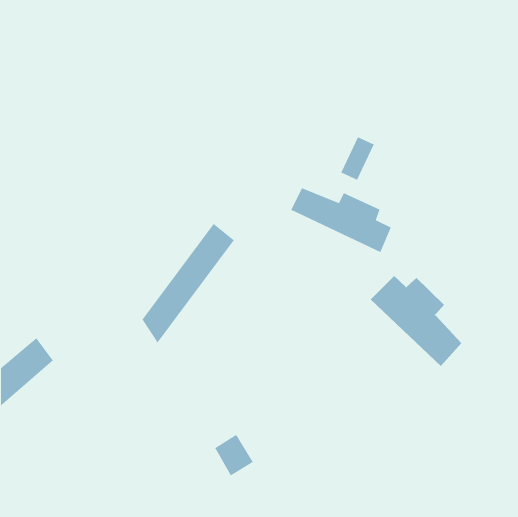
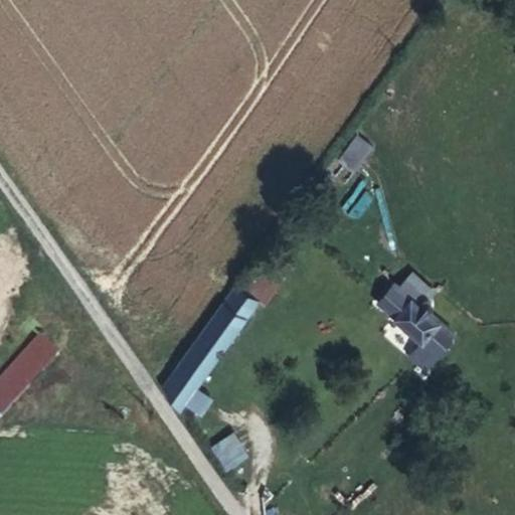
building: [290,187,392,253] -> none
building: [141,223,235,344] -> [163,291,255,410]

